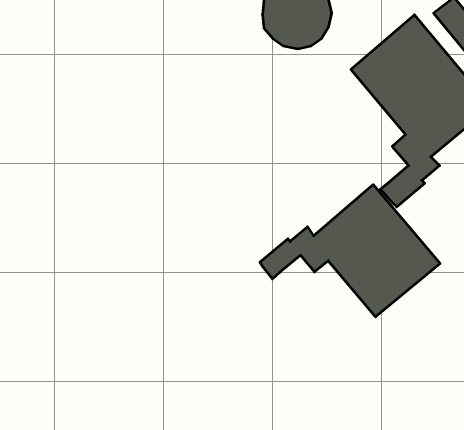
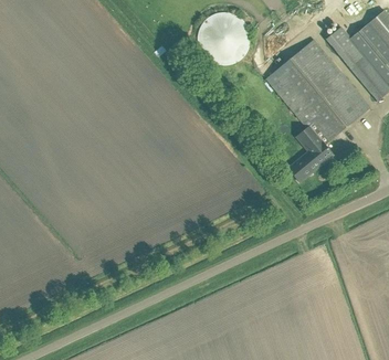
building: [260,185,440,317] -> none

